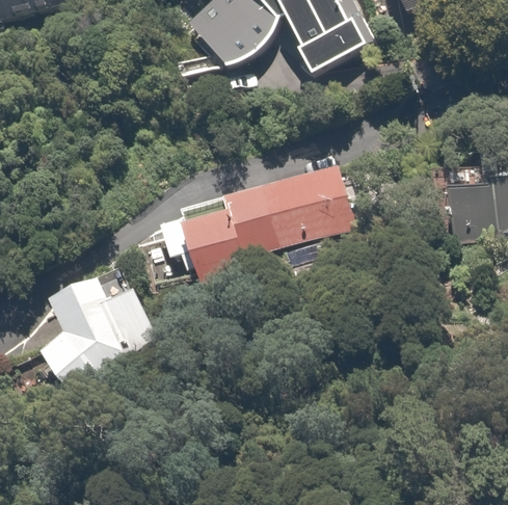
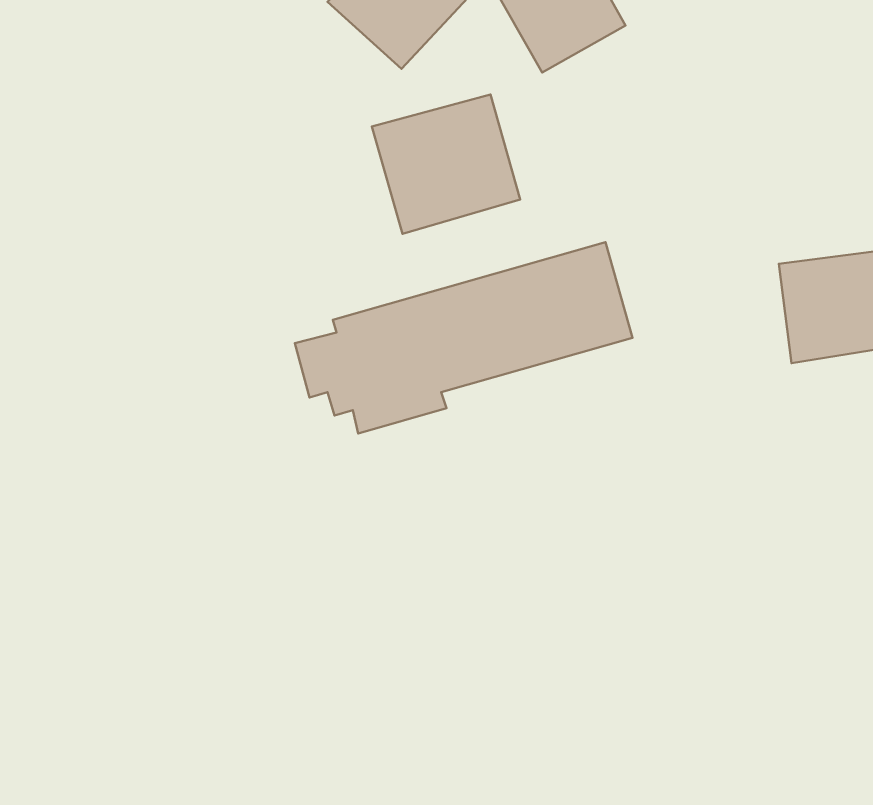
building: none -> [372,95,520,234]
building: [37,271,156,388] -> none

